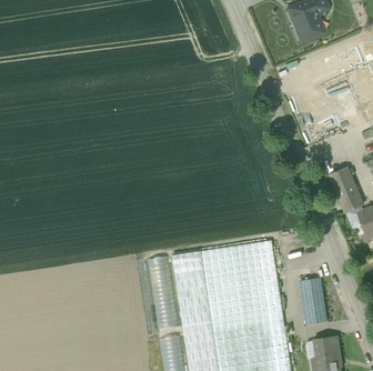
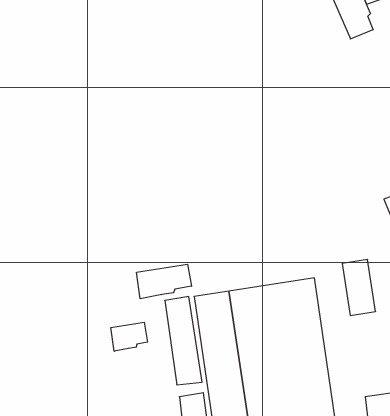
building: none -> [137,264,192,299]
building: none -> [111,322,148,351]
building: [300,278,327,324] -> [342,259,376,315]

